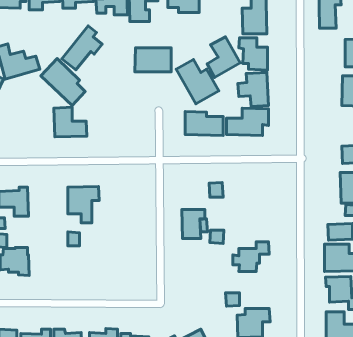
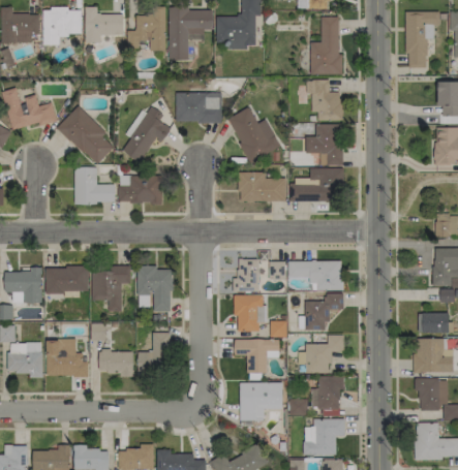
building: [62,26,102,70] -> [121,107,172,162]
building: [207,37,240,78] -> none
building: none -> [119,176,162,205]
building: none -> [233,259,261,292]
building: none -> [288,261,342,290]
building: none -> [138,267,173,312]
building: none -> [45,268,89,293]
building: none -> [305,294,344,331]
building: none -> [139,333,170,373]
building: none -> [47,339,88,377]
building: none -> [235,340,279,373]
building: none -> [99,349,133,377]
building: none -> [311,376,345,409]
building: none -> [241,383,283,421]

